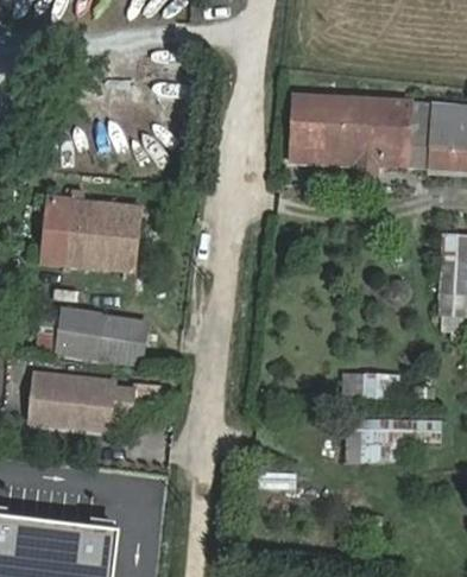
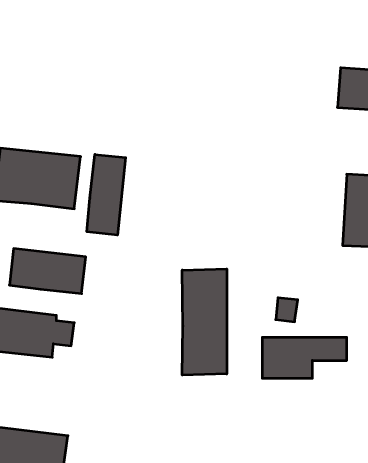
building: [290,96,412,171] -> none
building: none -> [87,154,126,235]
building: none -> [182,269,227,375]

